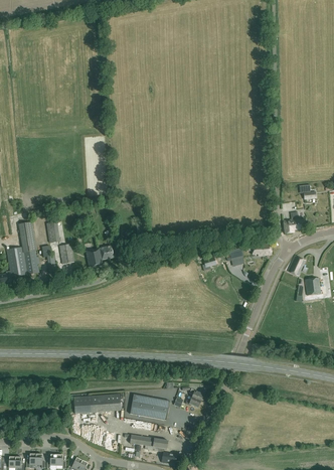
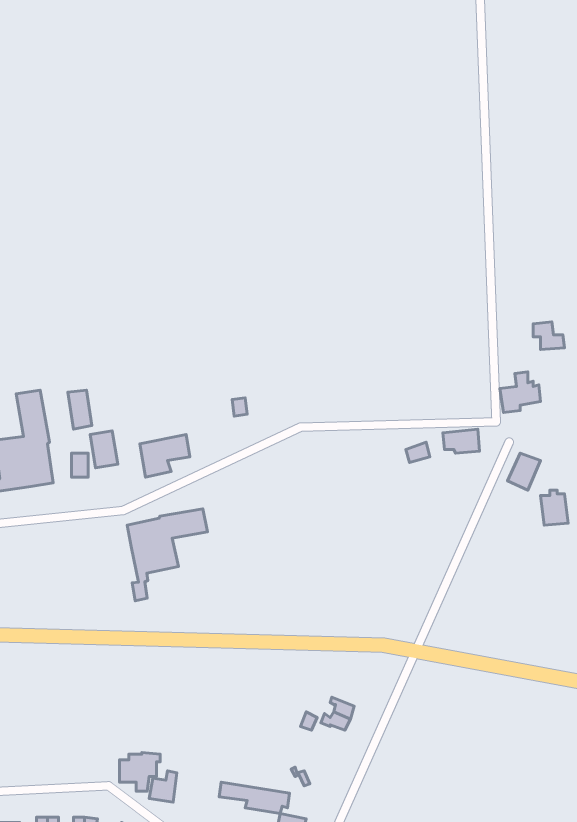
building: none -> [127,509,208,601]
building: [73,394,120,414] -> none
building: [131,395,170,420] -> none

